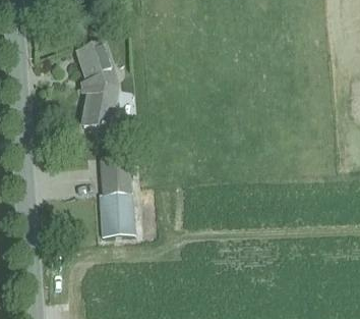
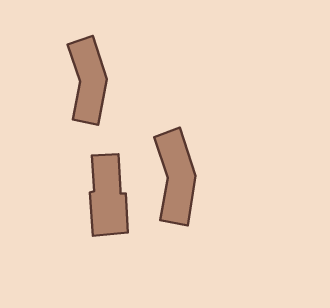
building: none -> [154,127,196,226]

